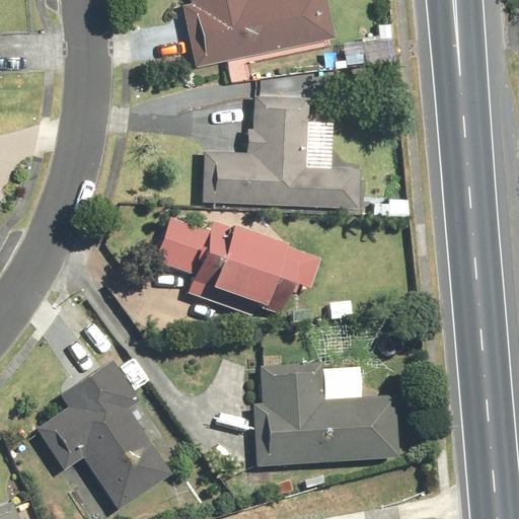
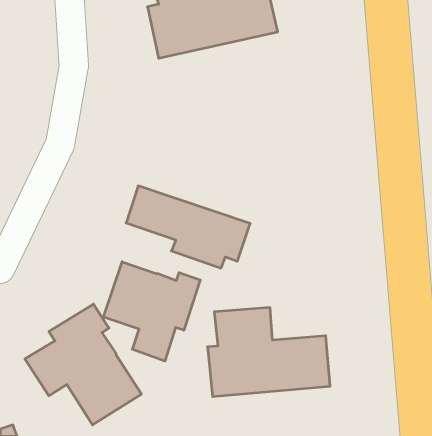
building: [203,96,361,202] -> none
building: none -> [104,262,200,361]

